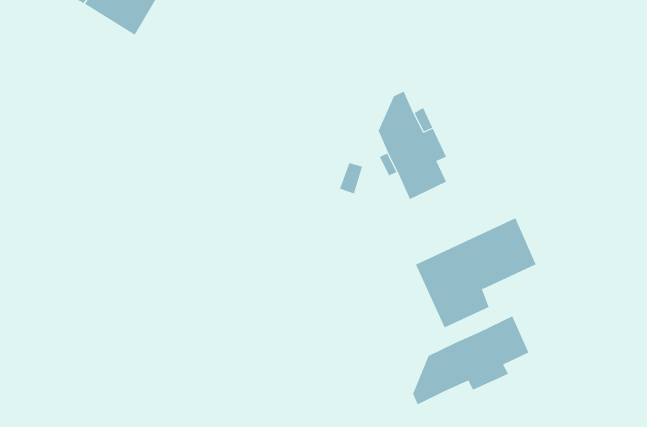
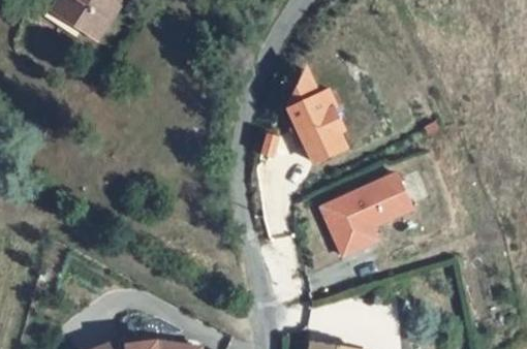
building: [413,316,529,405] -> none

